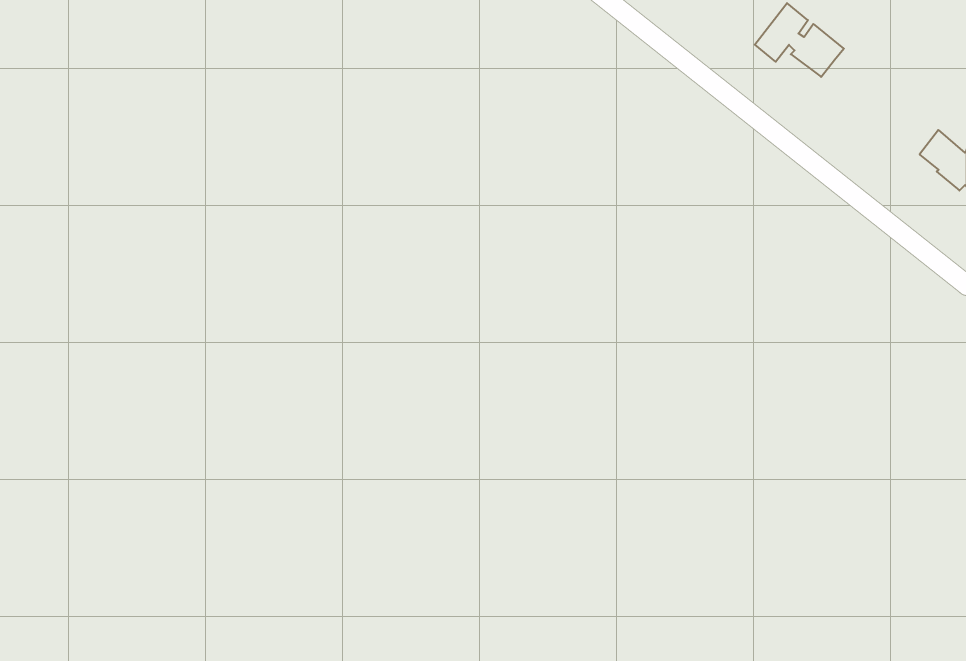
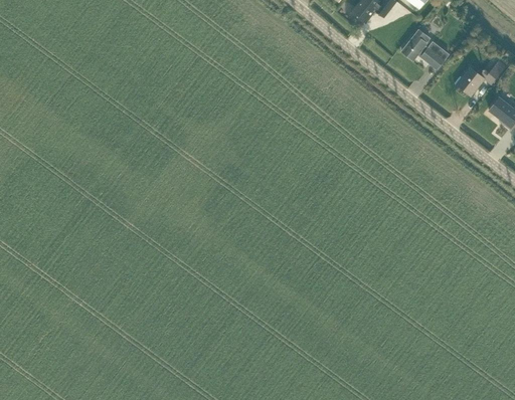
building: none -> [456,61,505,96]

